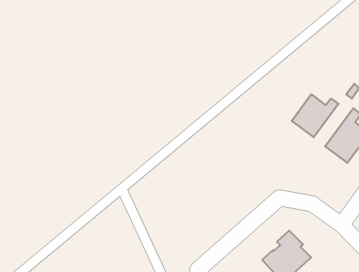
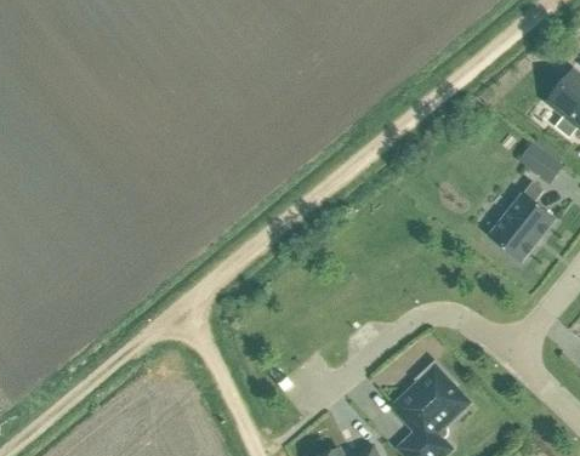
building: [292,94,339,137] -> none

